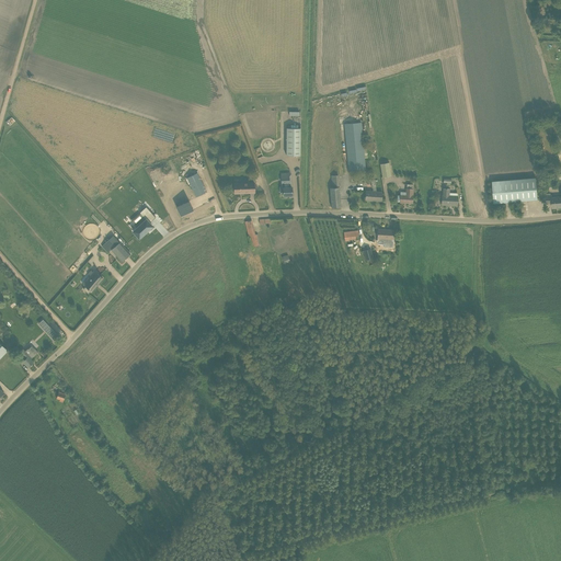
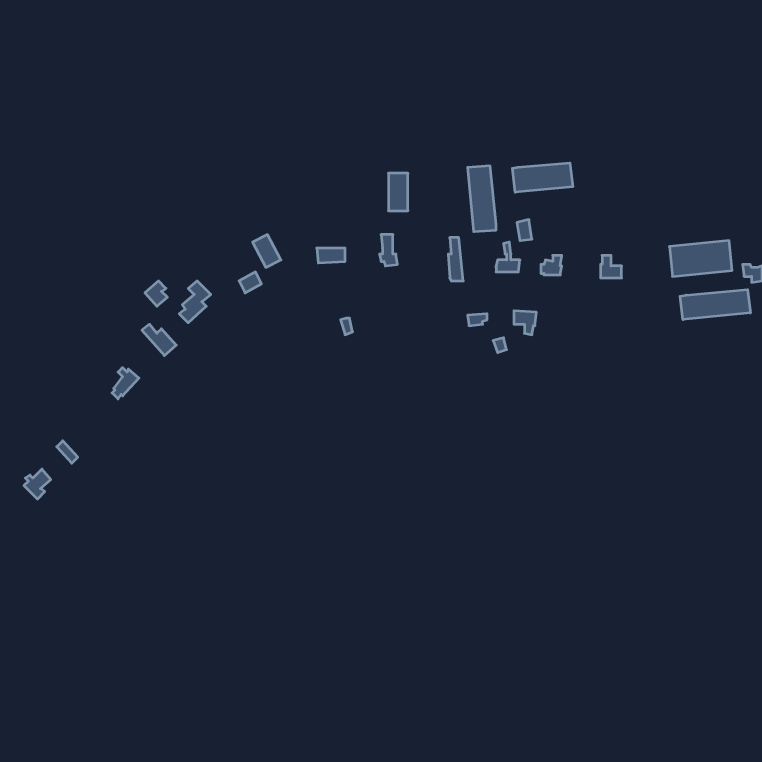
building: none -> [512,163,573,192]
building: none -> [680,290,750,320]

